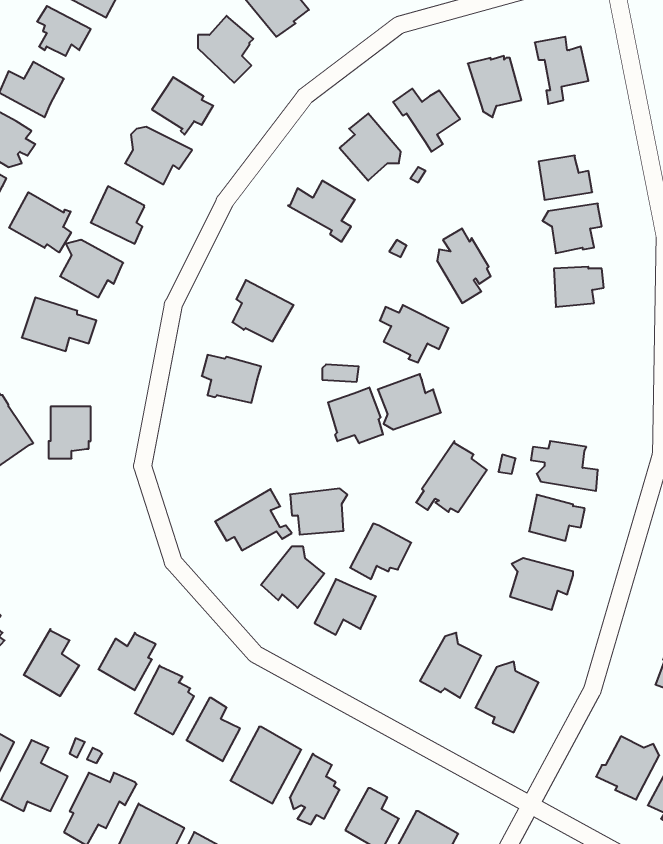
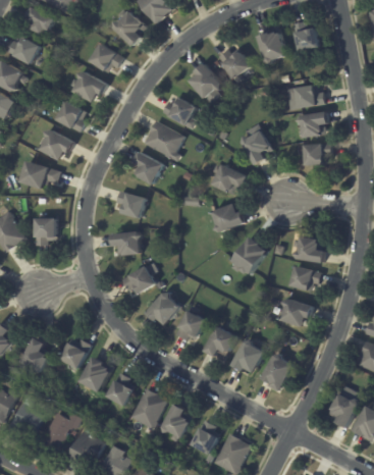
building: [9,192,71,252] -> none
building: none -> [144,120,183,161]
building: [328,387,383,443] -> none
building: [290,489,347,535] -> [111,231,142,256]
building: [350,524,411,579] -> [204,327,236,357]

